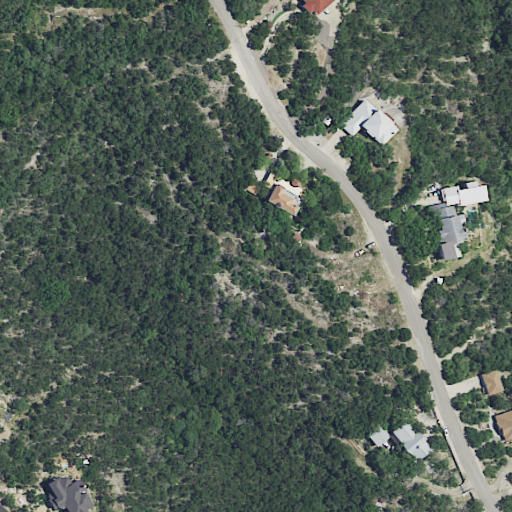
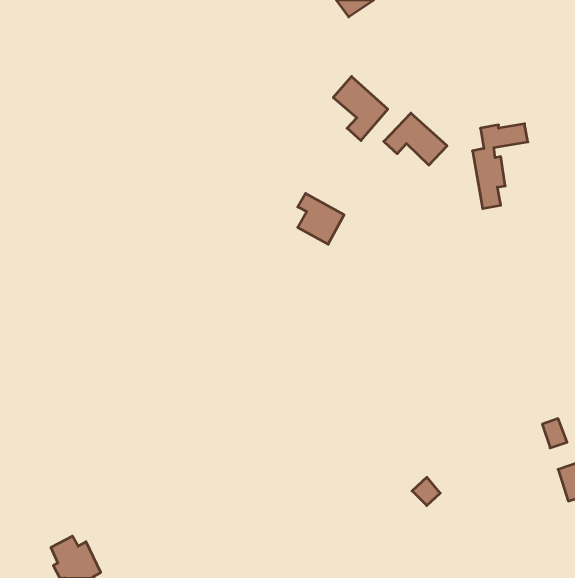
building: none -> [333,76,388,141]
building: [435,185,484,260] -> [472,124,528,209]
building: [393,419,432,462] -> none

